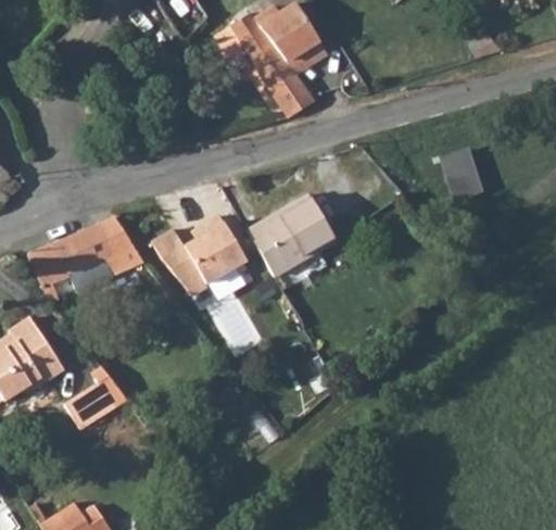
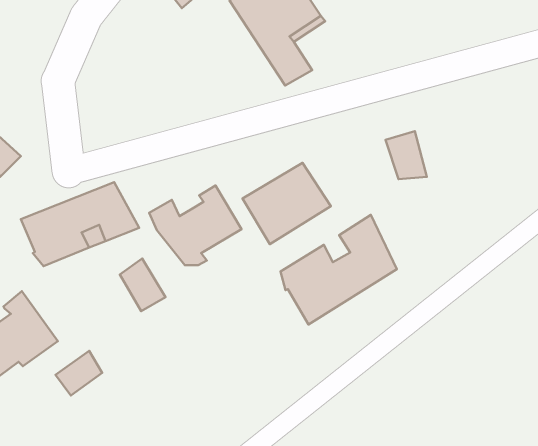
building: [442,149,483,197] -> [385,131,427,179]
building: none -> [280,215,397,325]
building: none -> [120,258,165,311]

